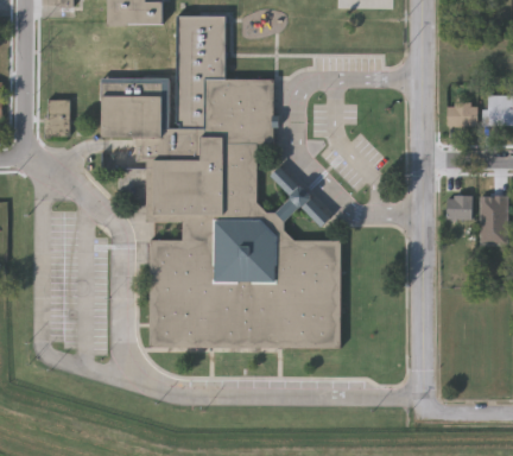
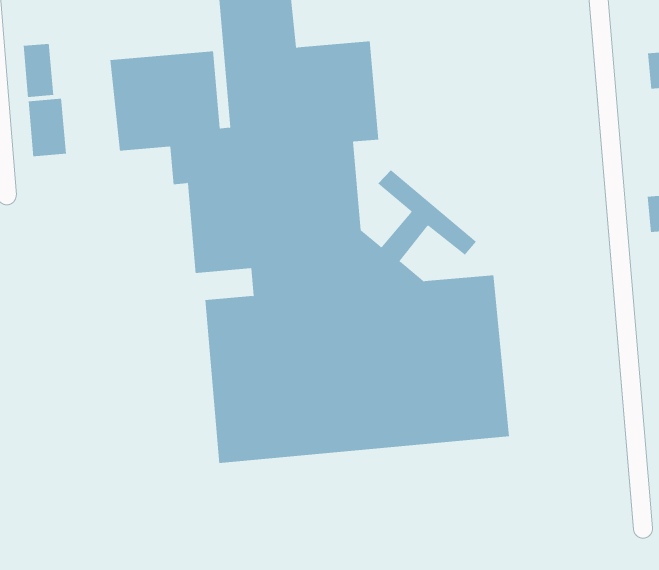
building: none -> [23,43,54,98]

